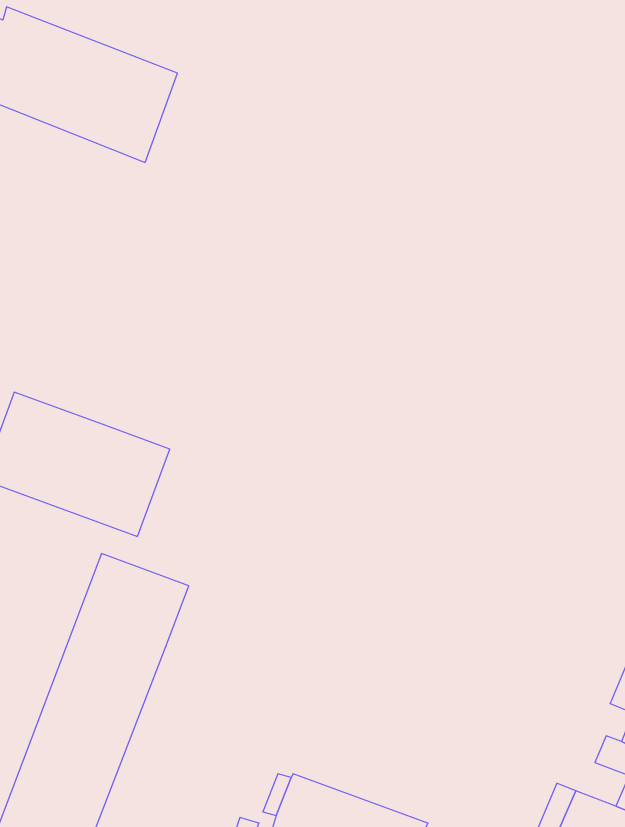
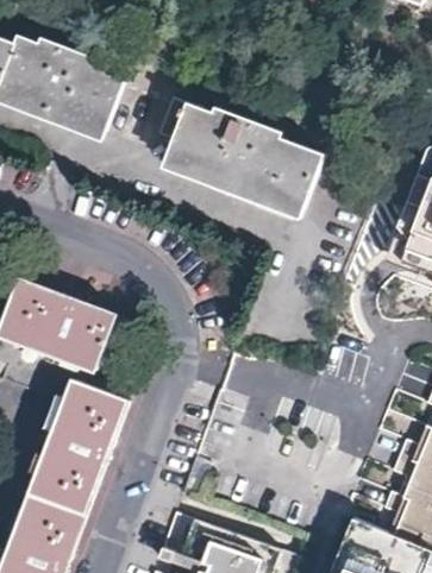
building: none -> [151,95,320,209]

